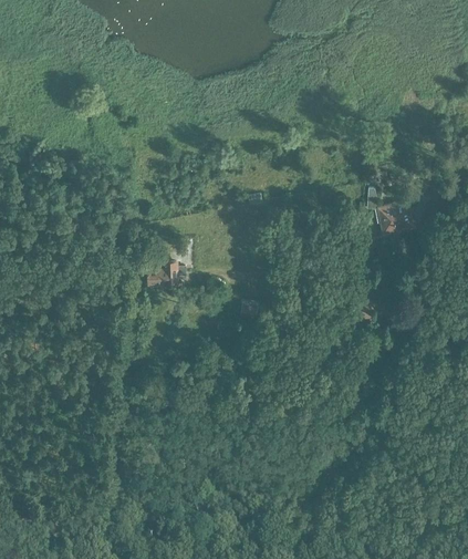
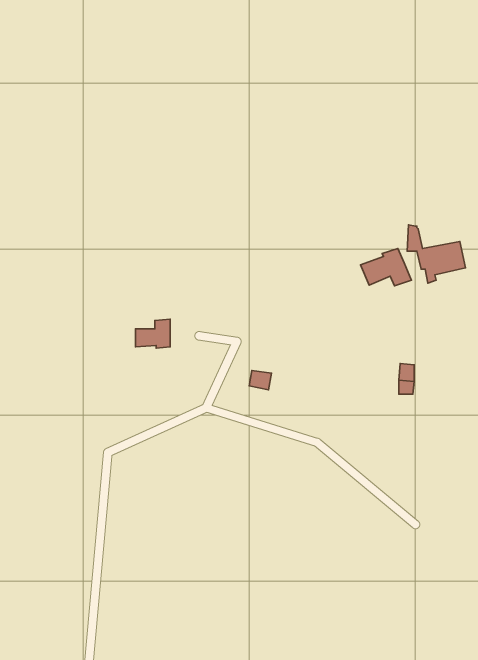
building: none -> [360,249,412,286]

